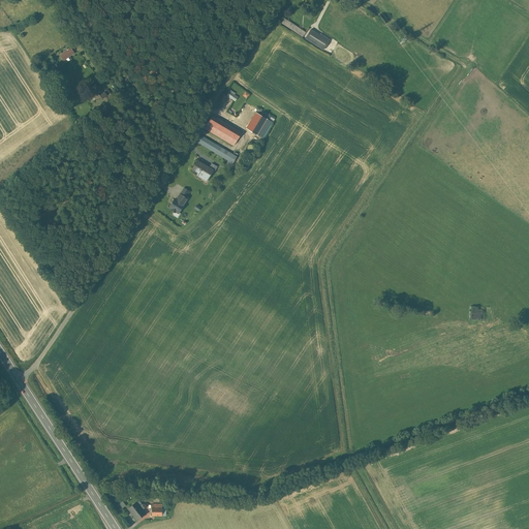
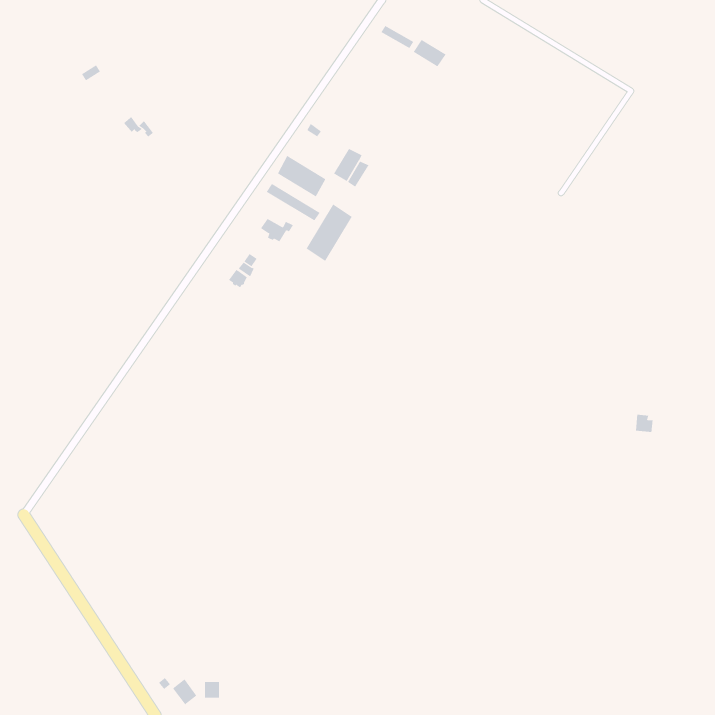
building: none -> [306,204,352,262]

